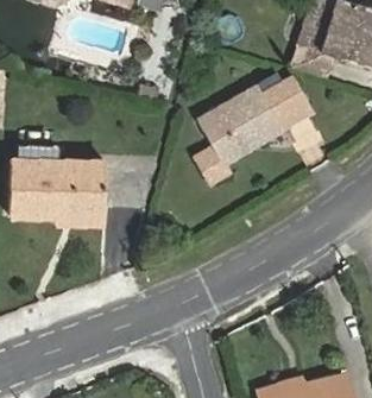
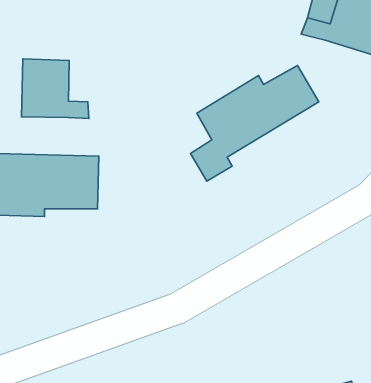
building: none -> [22,59,89,118]

